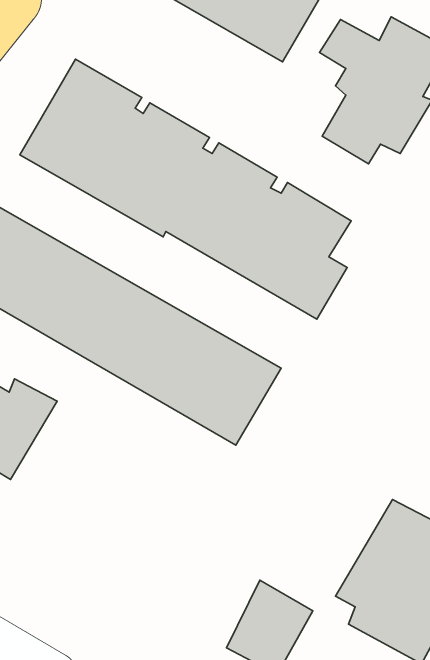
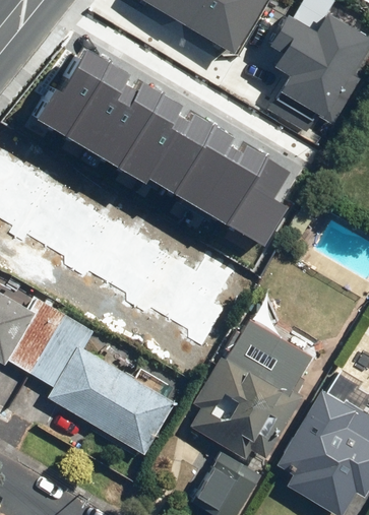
building: none -> [30,312,178,451]
building: none -> [193,317,314,464]

